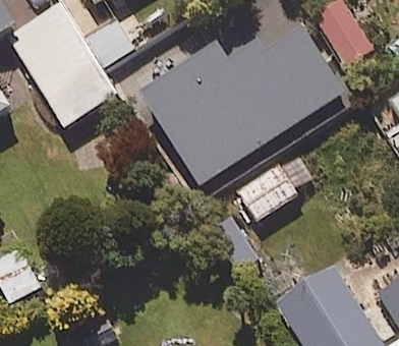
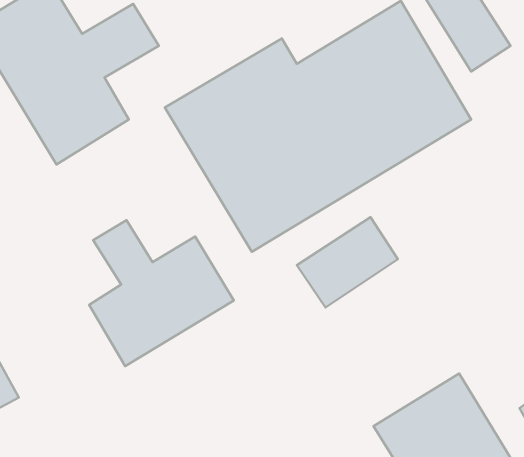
building: none -> [89,220,234,366]

